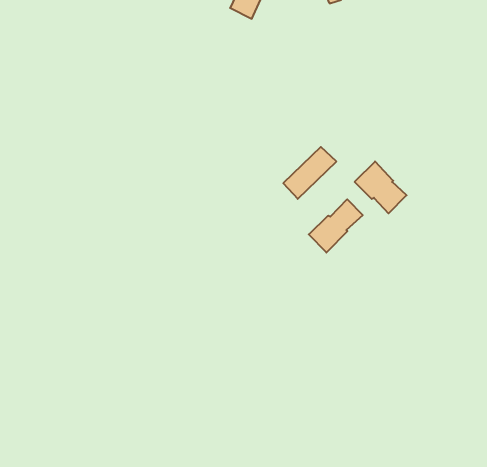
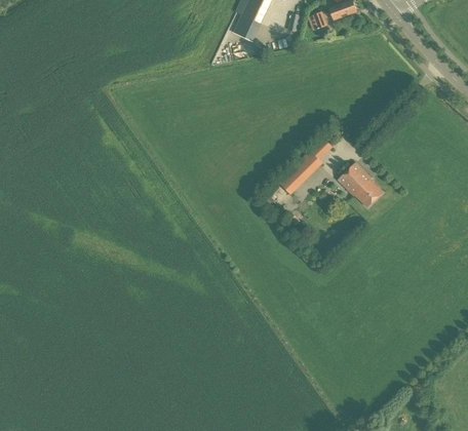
building: [309,199,363,253] -> none

